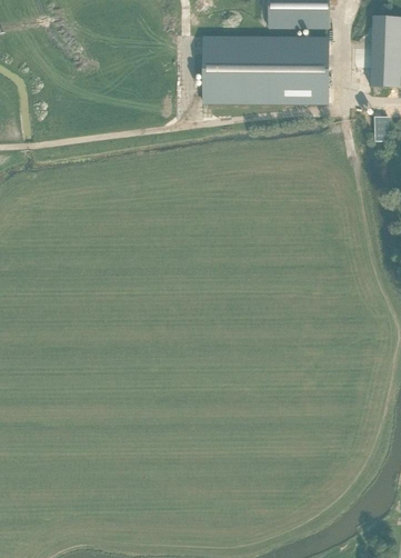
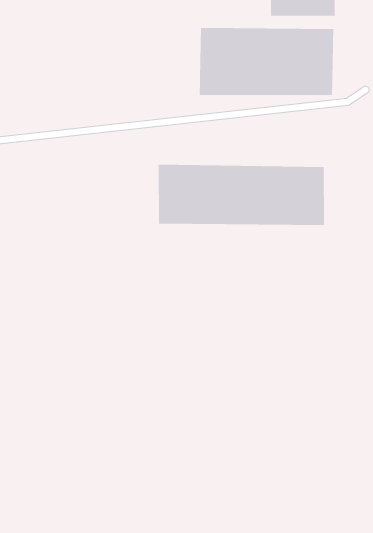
building: none -> [158,164,325,226]

